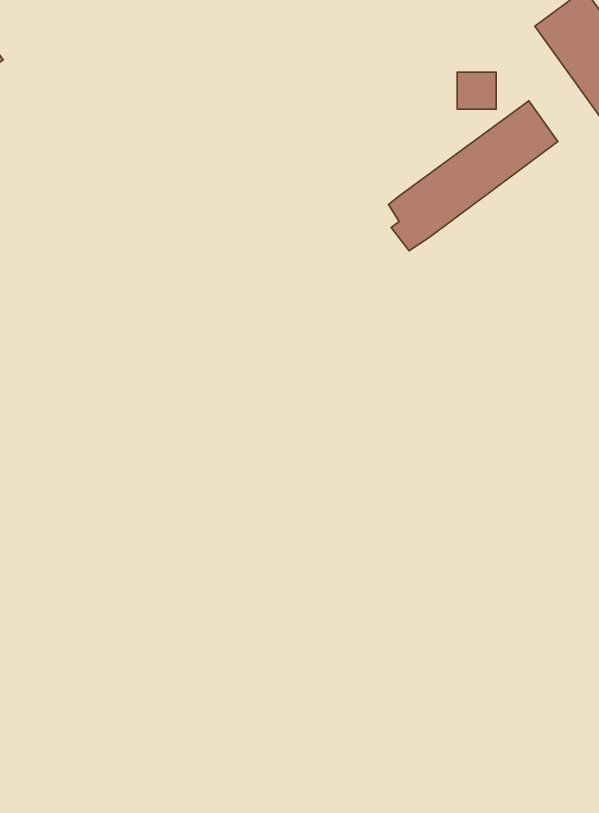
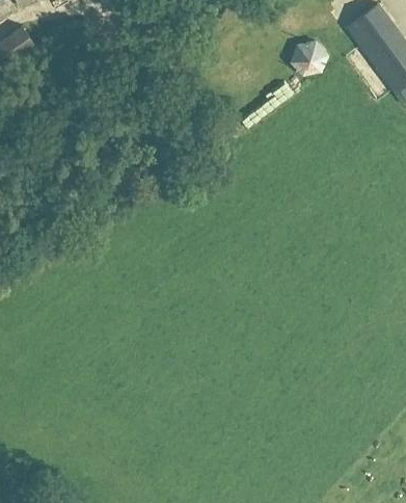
building: [388,101,558,251] -> none

